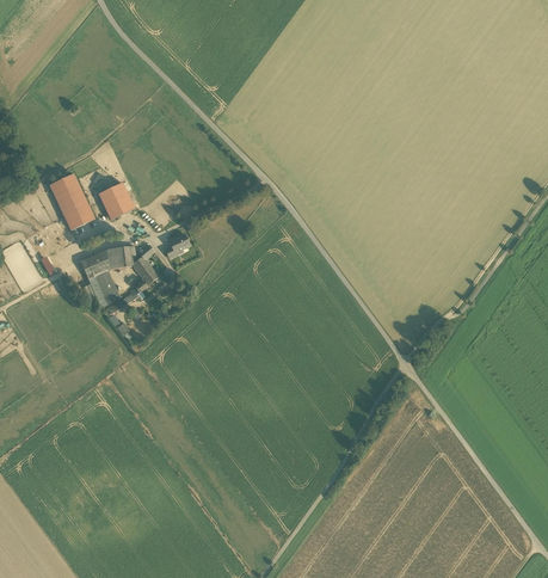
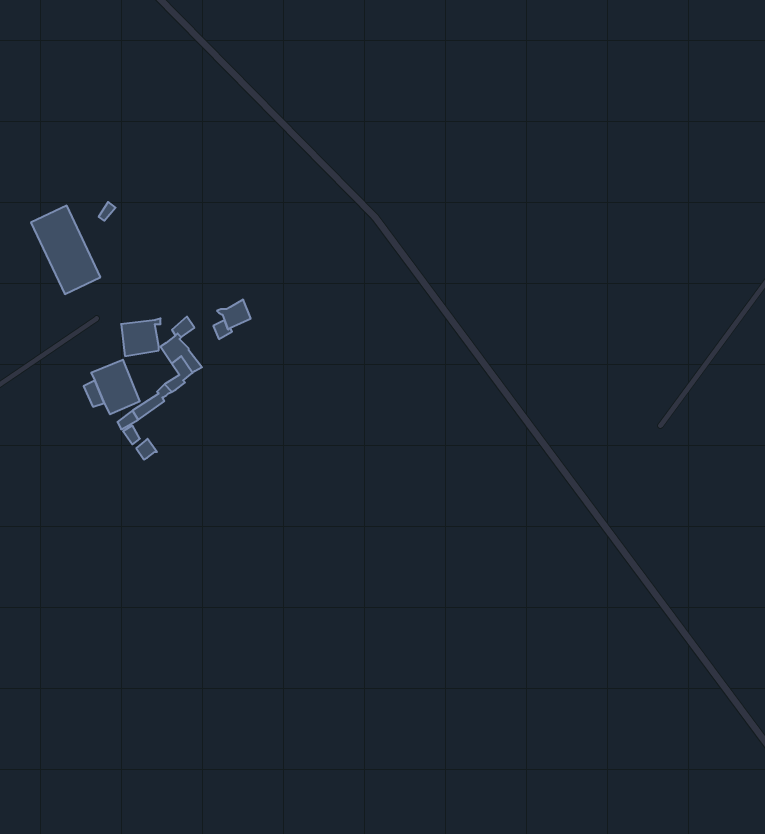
building: [99,182,135,219] -> none
building: [80,248,110,279] -> none

